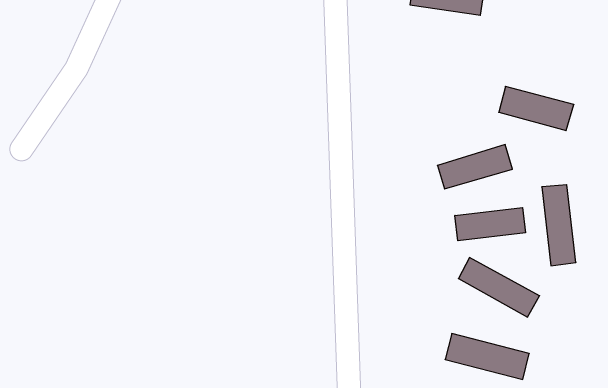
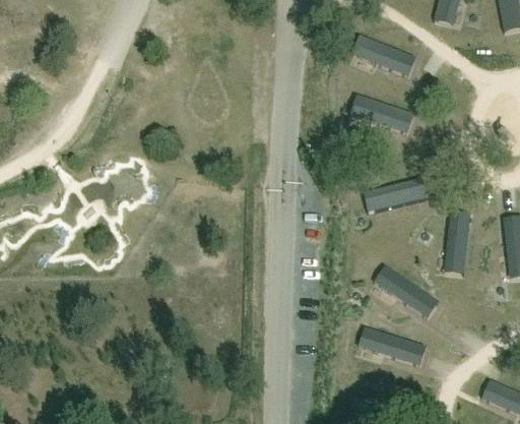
building: [499,86,574,131] -> [352,95,413,134]
building: [455,208,525,241] -> none

